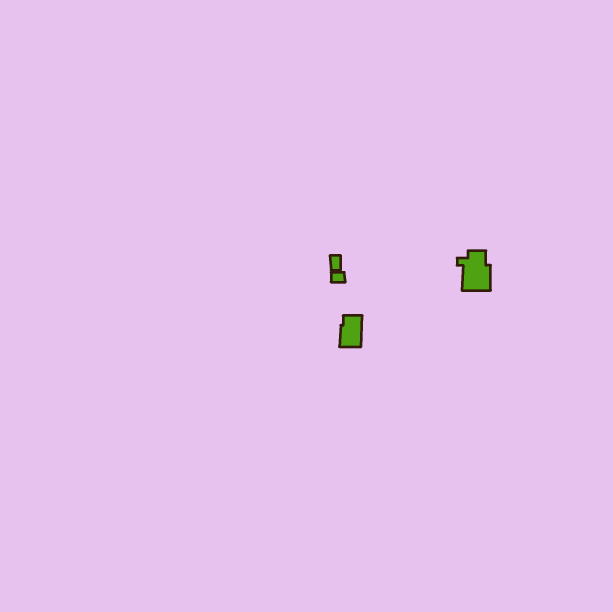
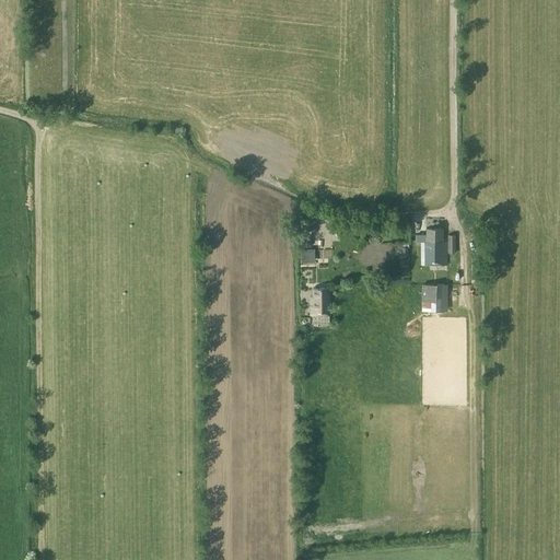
building: none -> [422,284,448,312]

